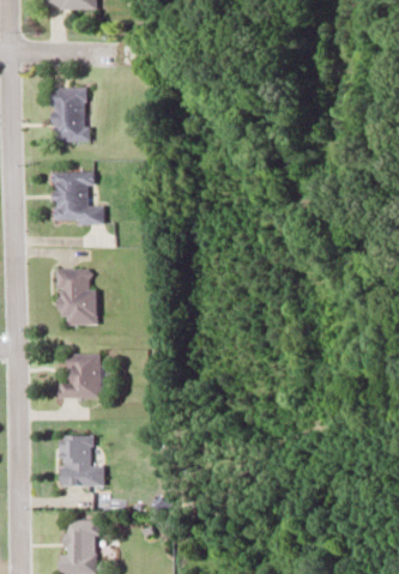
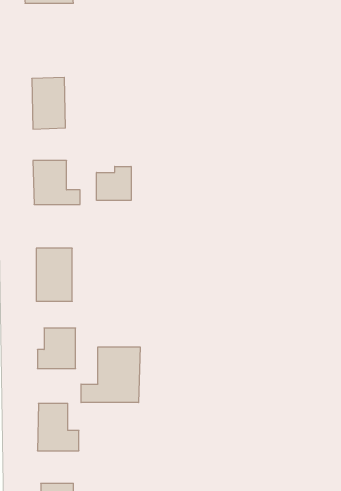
building: none -> [97,166,131,200]
building: none -> [81,347,140,403]

